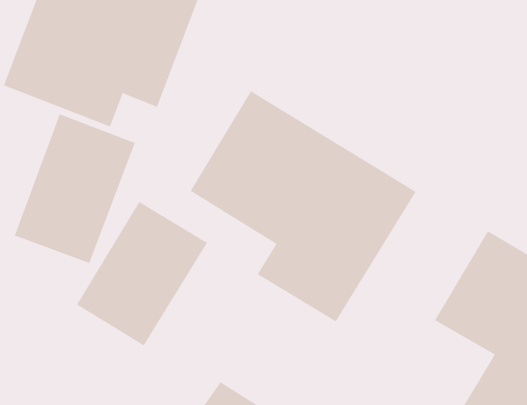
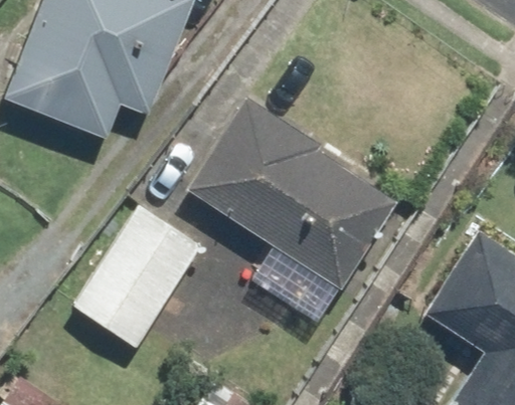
building: [14,114,135,264] -> none

